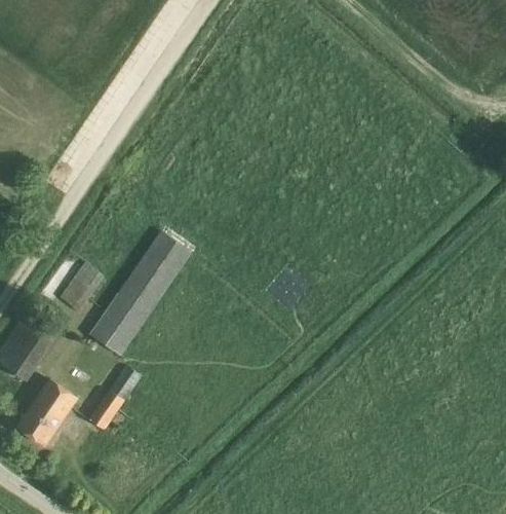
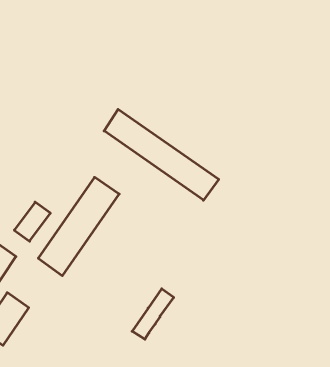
building: none -> [104,109,219,200]
building: [87,365,141,430] -> [132,289,174,339]

